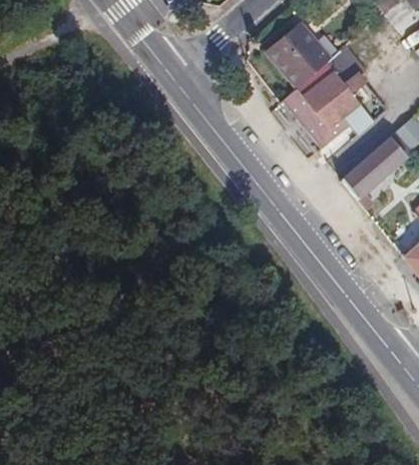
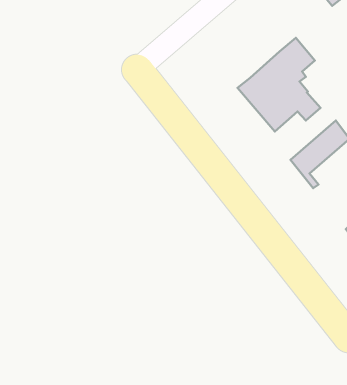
building: [267,25,330,88] -> none

